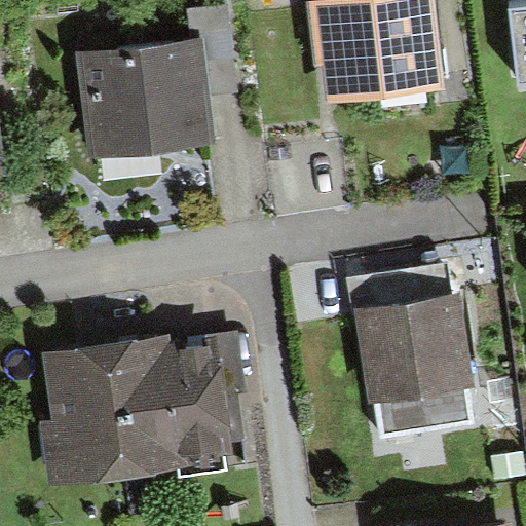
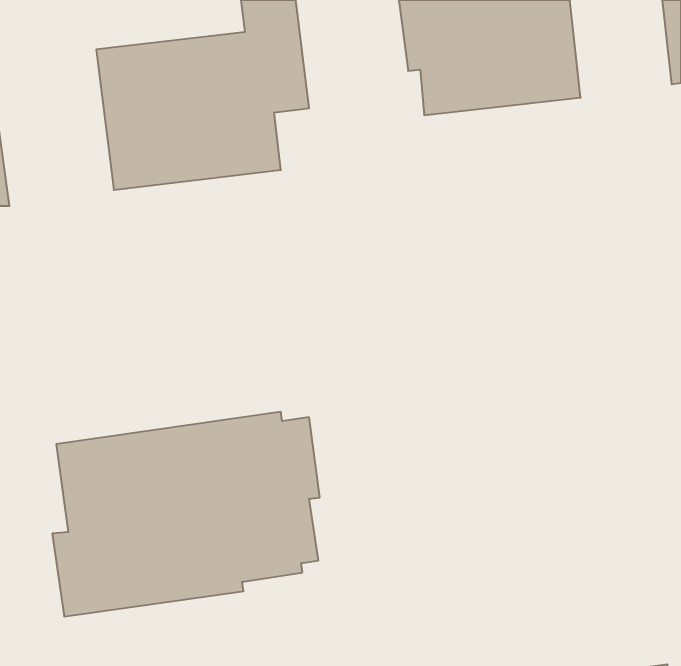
building: [352,293,475,440] -> none

